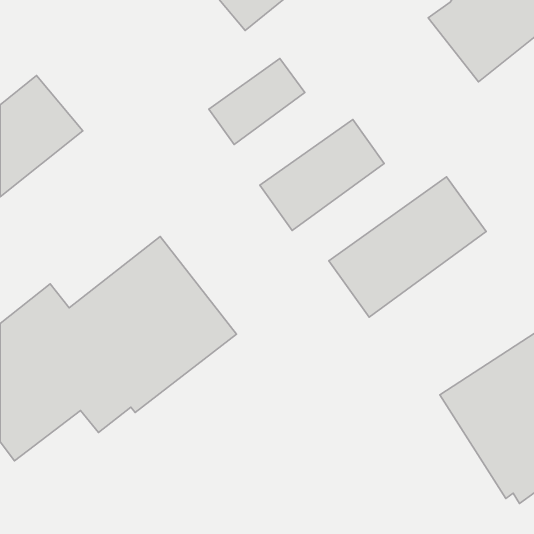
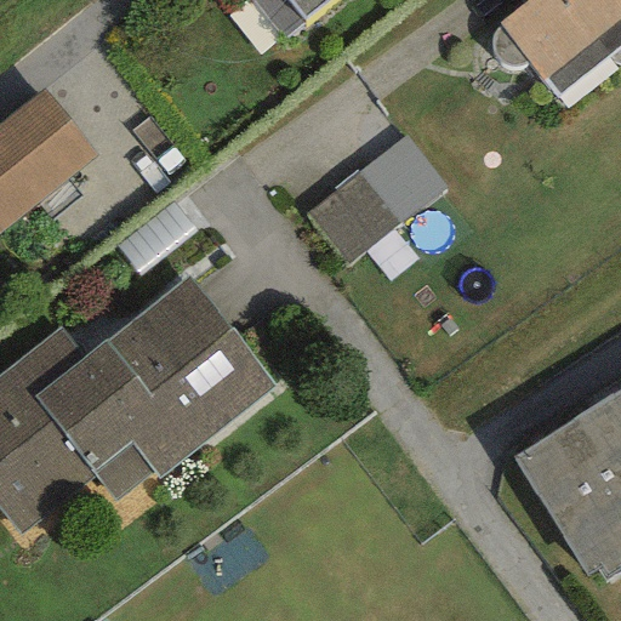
building: [209,58,305,144] -> none
building: [329,177,486,317] -> none

